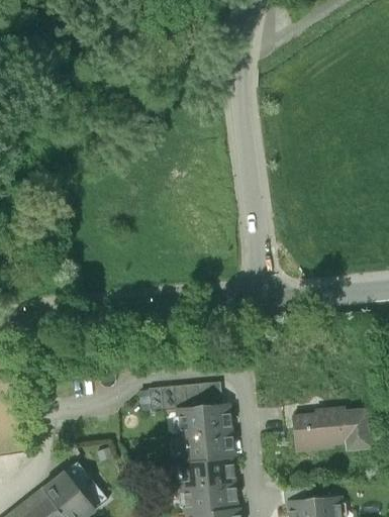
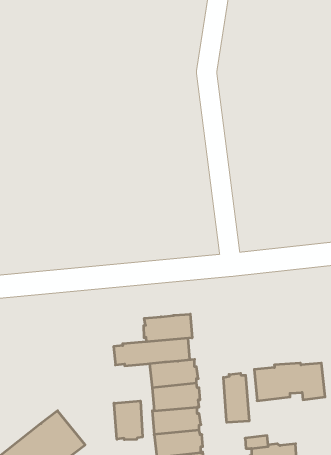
building: none -> [144,314,192,342]
building: none -> [223,373,249,422]
building: none -> [114,401,142,440]

